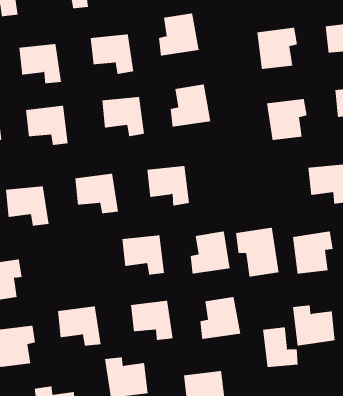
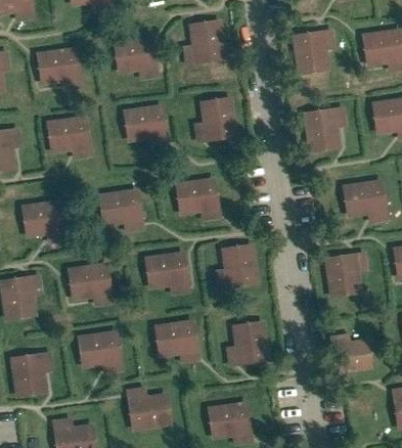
building: [236,227,279,278] -> none
building: none -> [66,266,113,309]
building: [262,326,298,368] -> none

